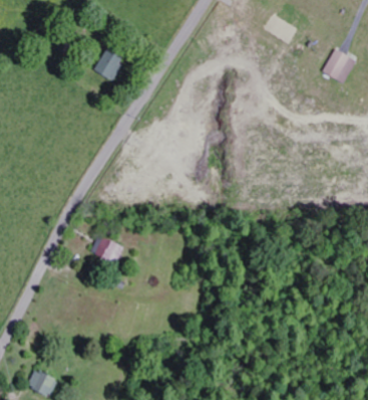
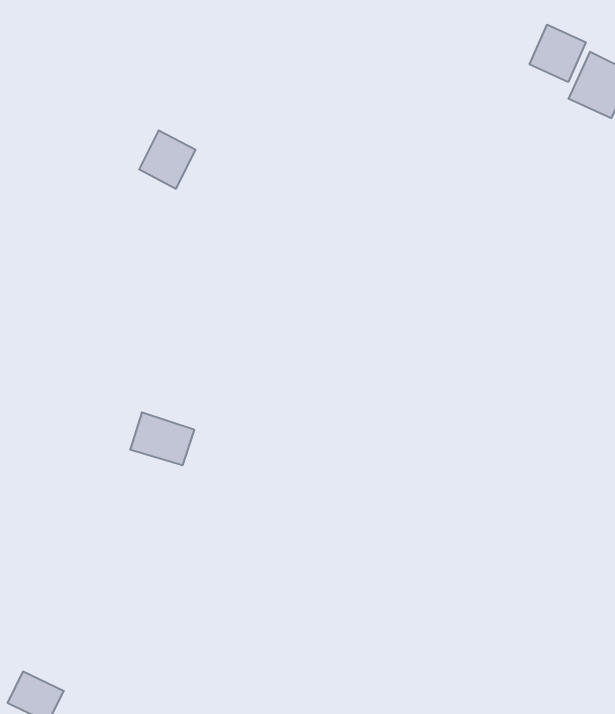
building: none -> [530,25,586,82]
building: [90,51,119,81] -> [139,130,196,189]

